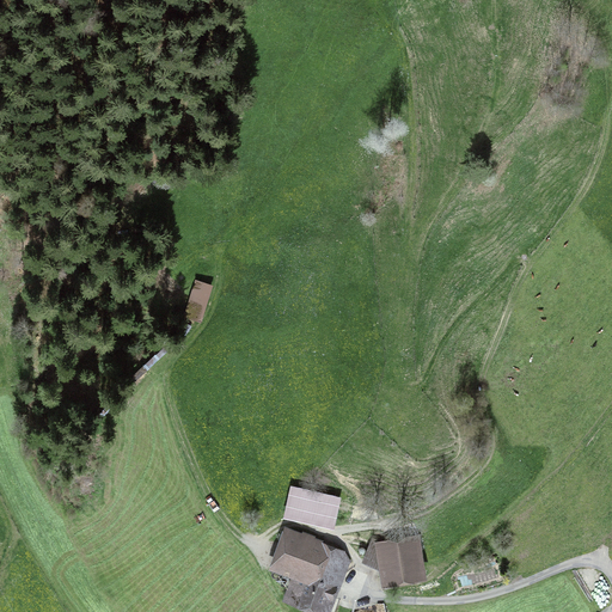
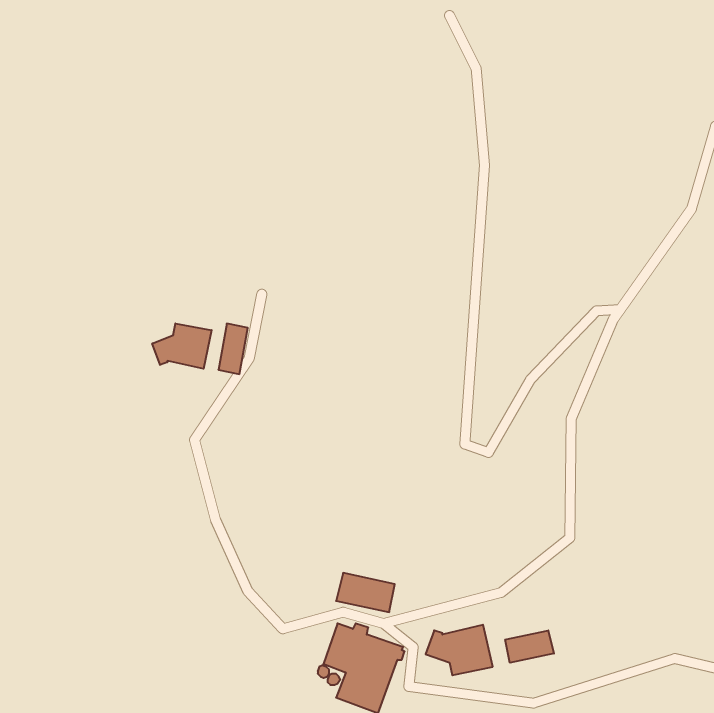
building: none -> [152,323,212,369]
building: none -> [505,630,554,663]

